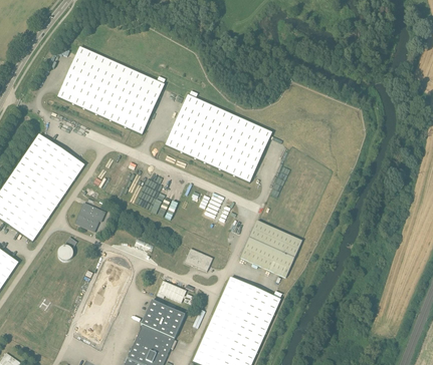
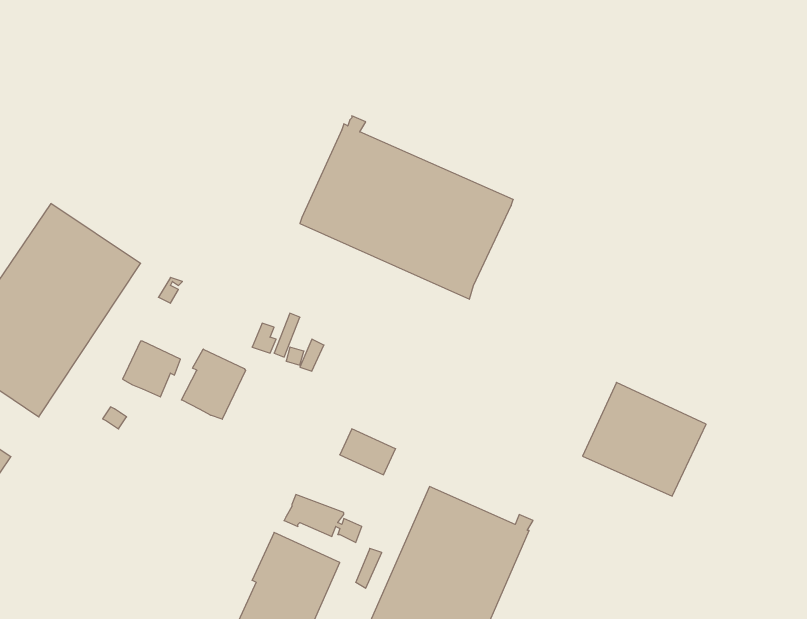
building: [57,45,166,133] -> none
building: none -> [181,349,245,419]
building: [240,219,302,276] -> [583,382,706,496]

